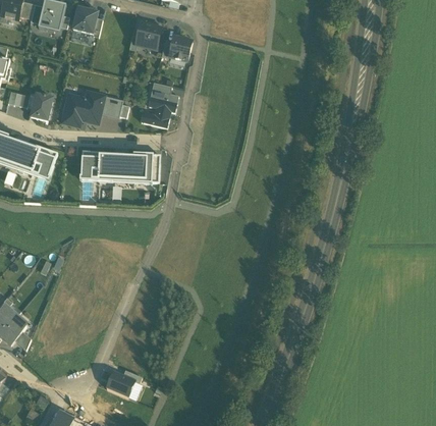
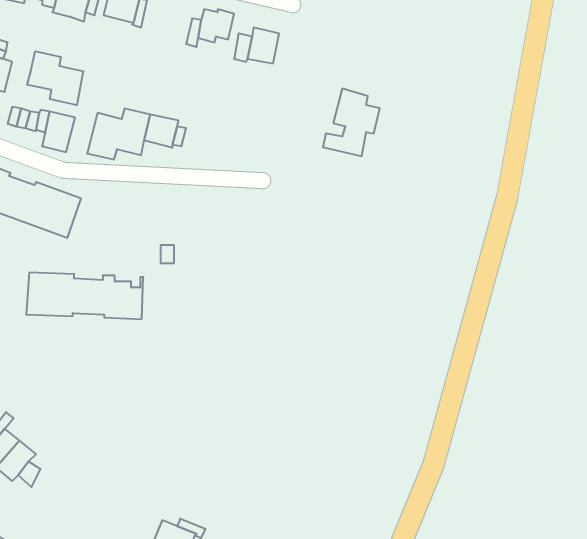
building: none -> [27,51,83,105]
building: [141,82,179,127] -> [323,89,380,156]
building: [80,151,160,182] -> [26,273,143,319]

